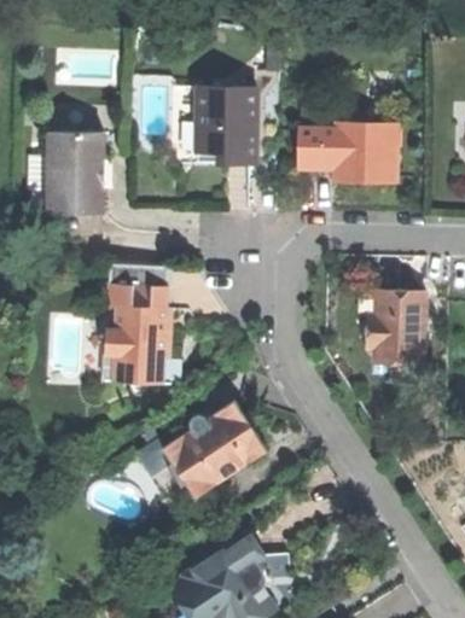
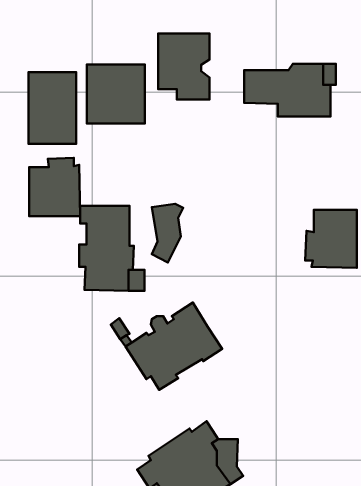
building: none -> [87,65,145,123]
building: none -> [29,158,80,216]
building: none -> [152,204,183,263]

